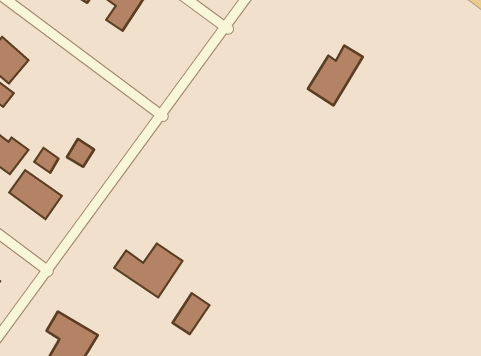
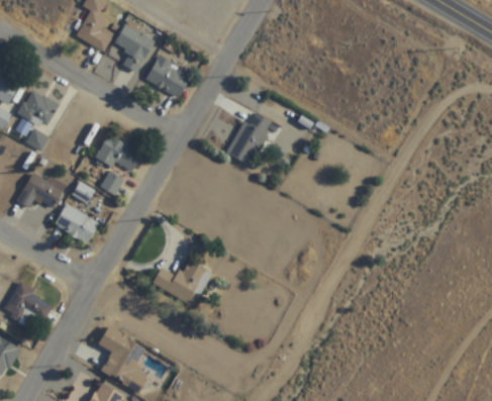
building: none -> [144,57,191,98]
building: [308,46,363,105] -> [226,112,272,166]
building: none -> [95,135,142,172]
building: [173,293,210,334] -> none

